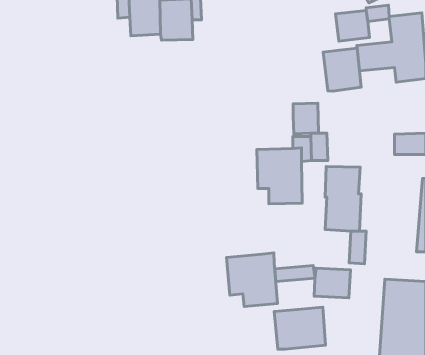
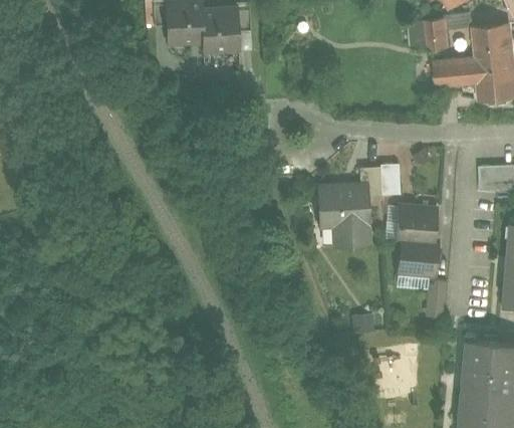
building: [323,48,361,91] -> none
building: [293,103,319,134] -> none
building: [227,253,278,306] -> none
building: [314,268,351,298] -> none
building: [274,307,326,349] -> none

